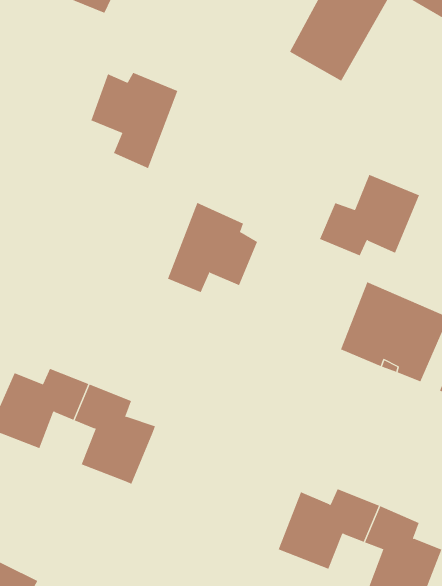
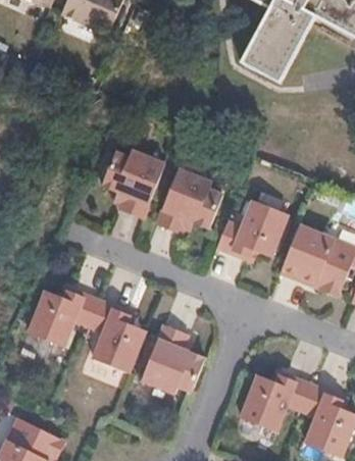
building: [90,72,178,169] -> [101,148,164,217]
building: [319,174,420,256] -> [216,200,289,259]
building: none -> [143,323,208,393]

